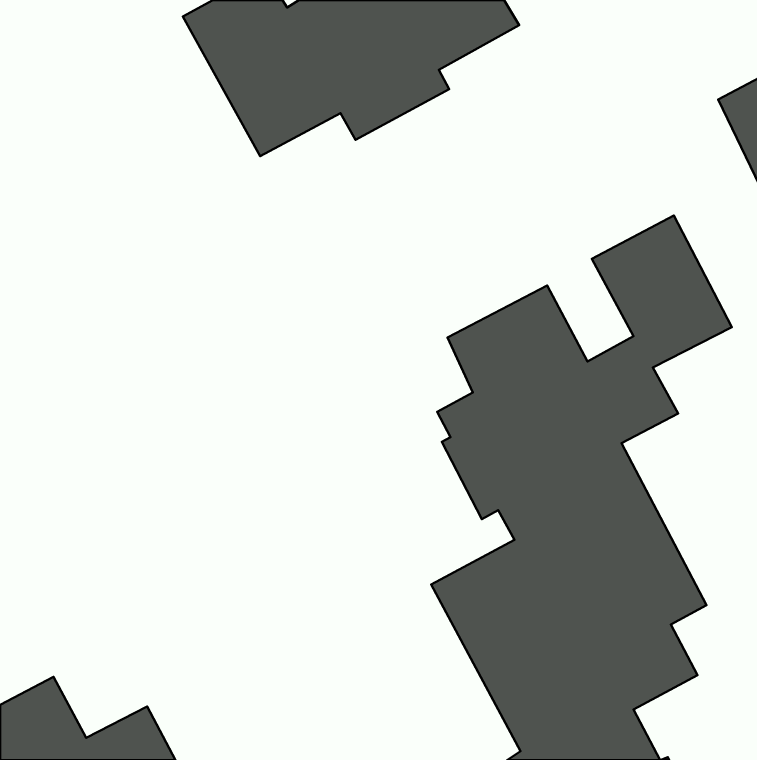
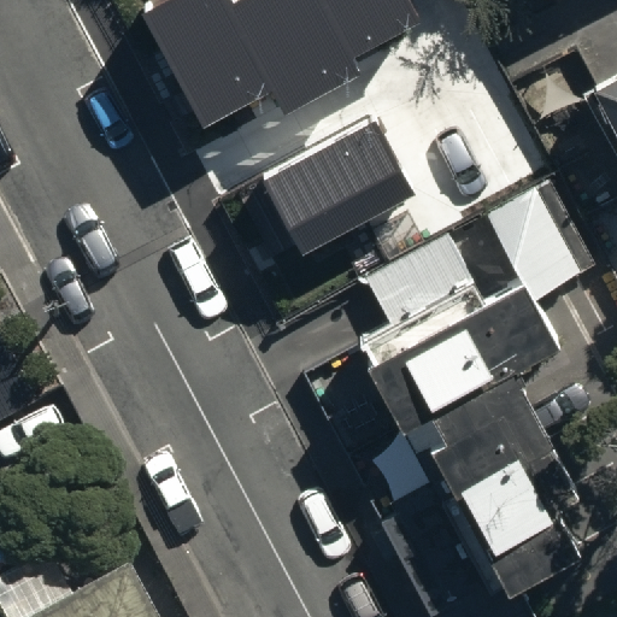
building: none -> [264,113,421,257]

